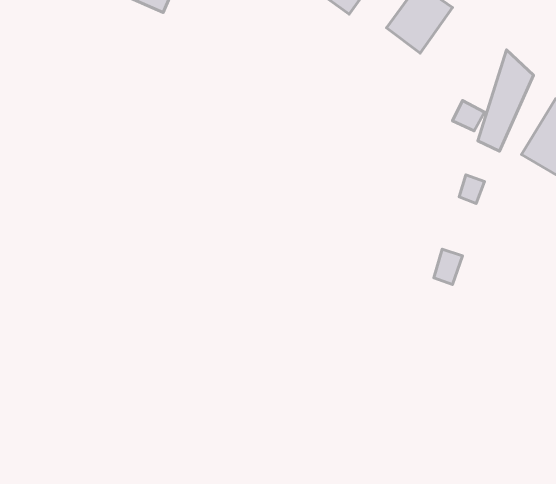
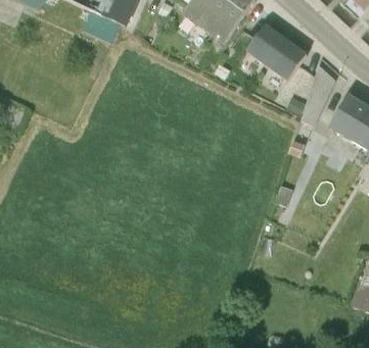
building: none -> [266,38,307,80]

